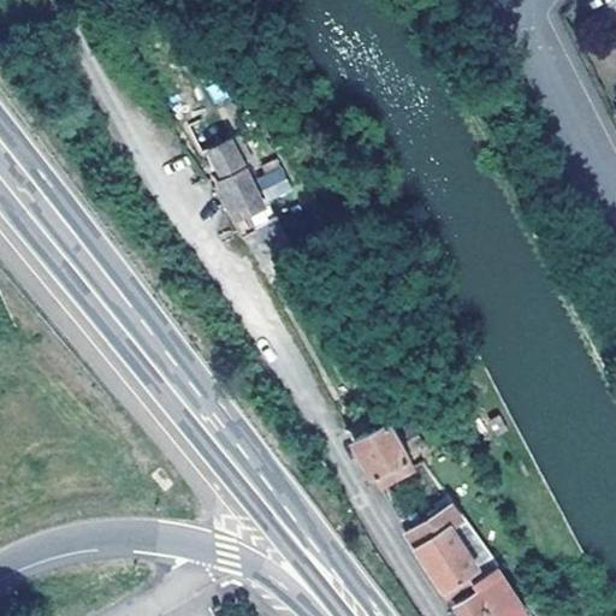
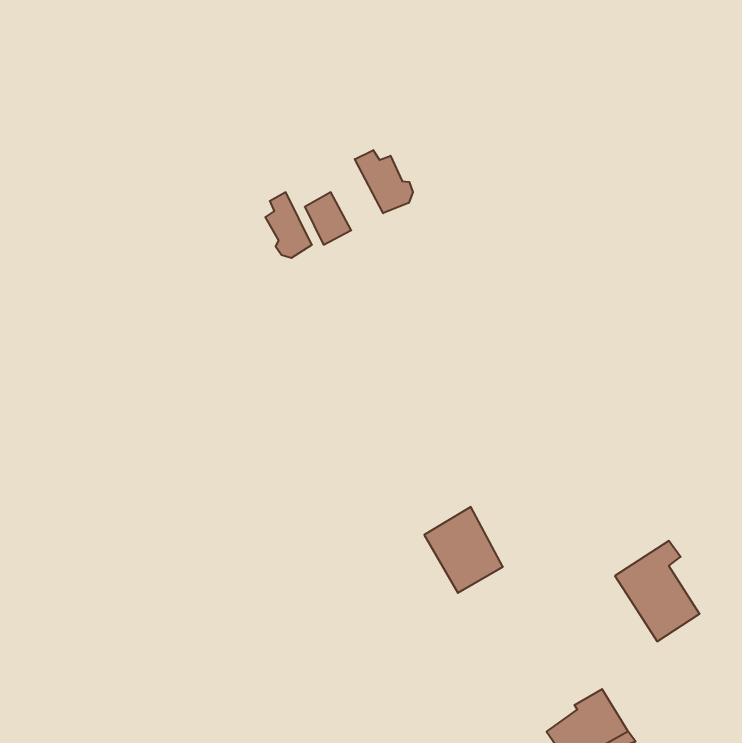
building: none -> [355,150,413,213]
building: [407,505,476,588] -> [615,541,700,641]

